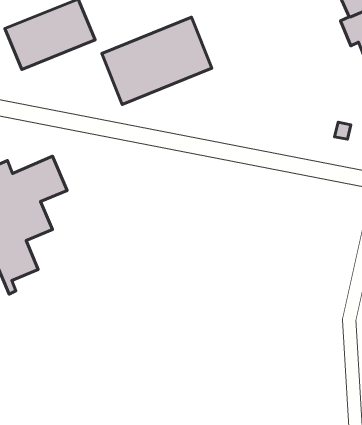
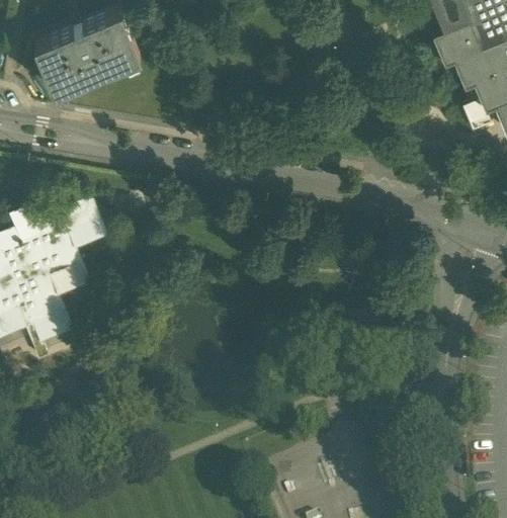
building: [102,17,212,105] -> none

